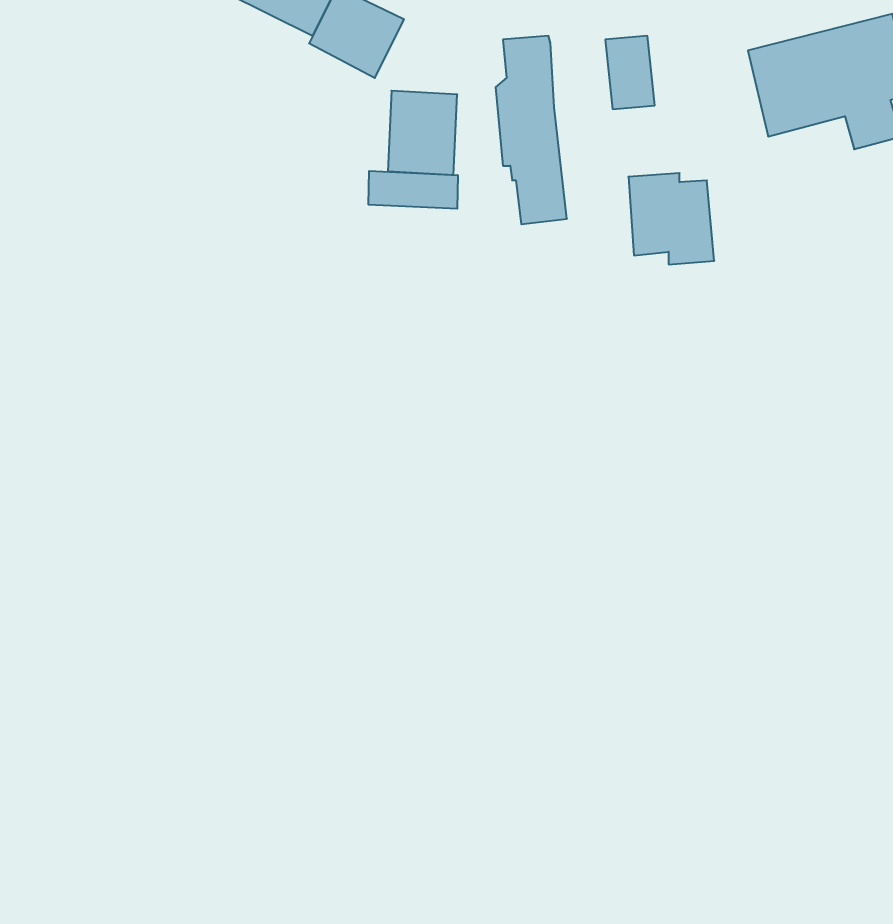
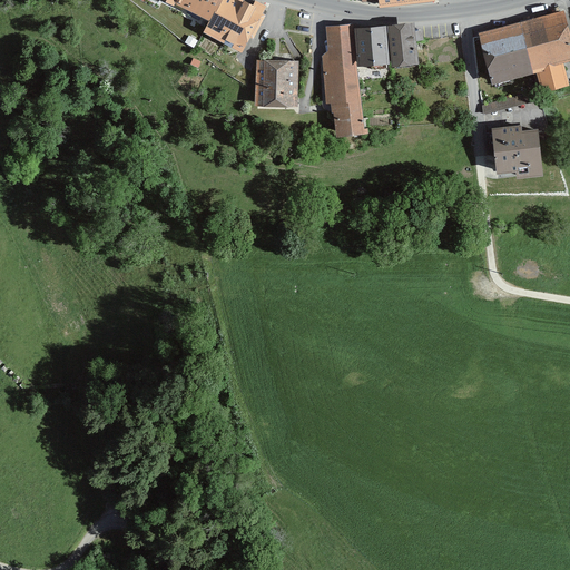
building: none -> [354,26,387,67]
building: [369,171,458,209] -> none
building: [628,173,714,264] -> [491,124,543,179]

